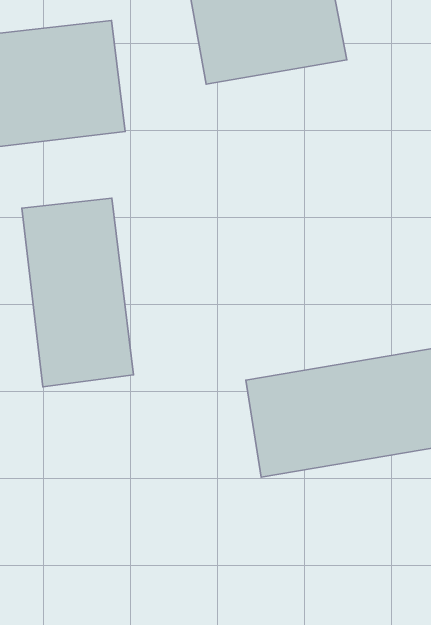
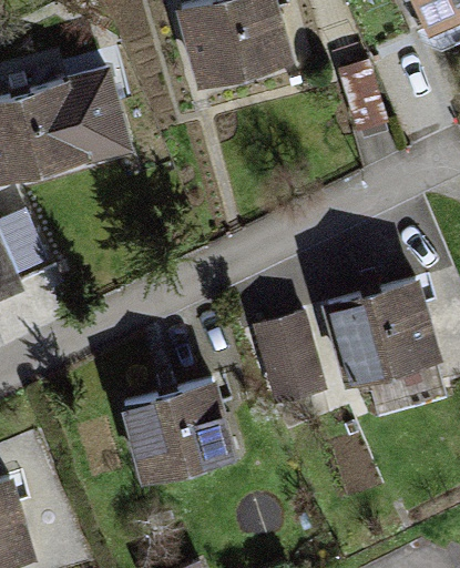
building: [22,198,134,387] -> none
building: none -> [102,371,246,493]

